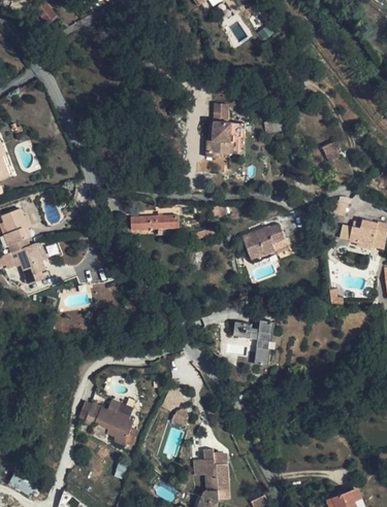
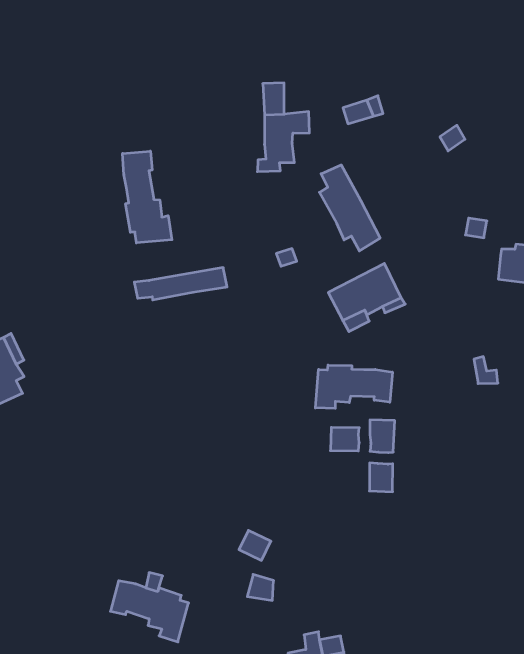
building: none -> [123,151,172,243]
building: none -> [319,165,380,251]
building: none -> [315,365,392,408]

